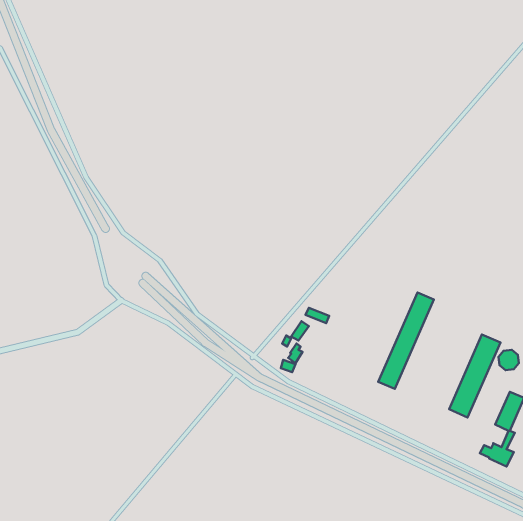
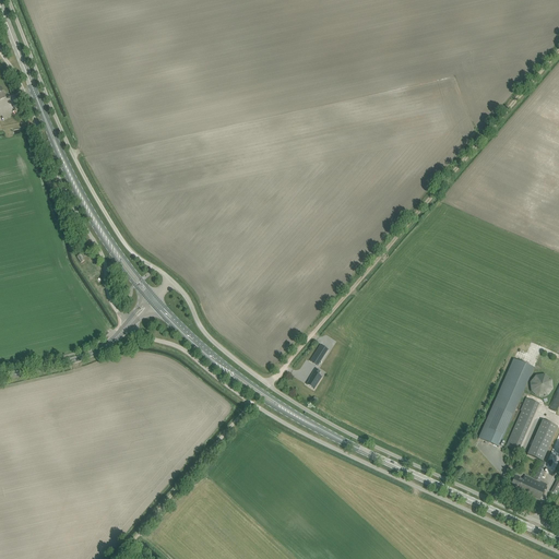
building: [378,292,434,389] -> none
building: none -> [507,395,540,449]

